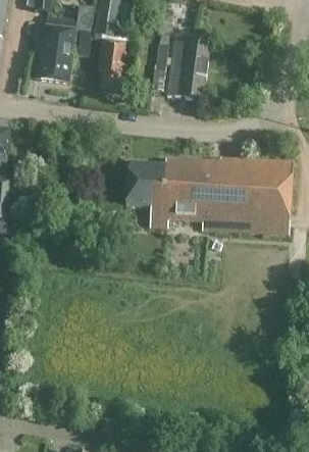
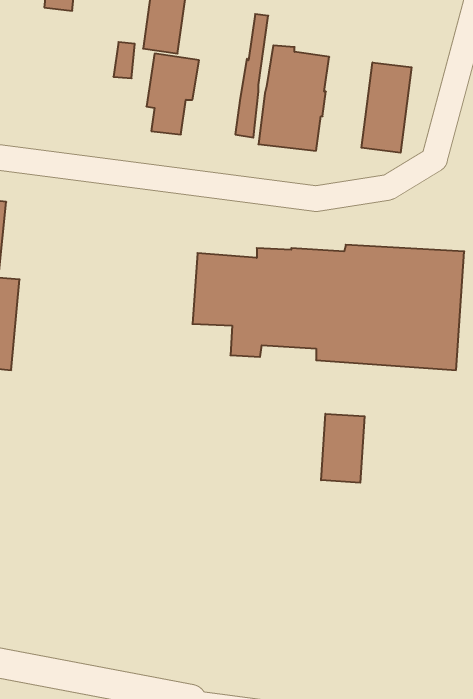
building: [35,15,78,82] -> none
building: none -> [361,62,412,153]
building: none -> [321,414,365,483]

